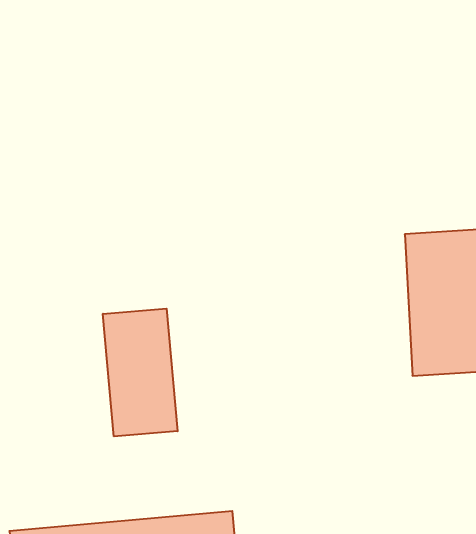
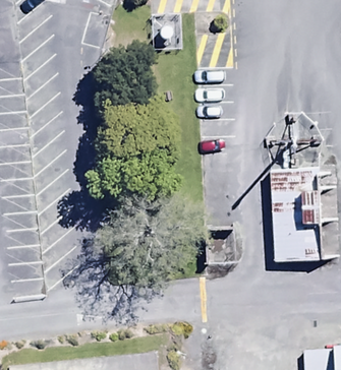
building: [103,309,178,436] -> none

